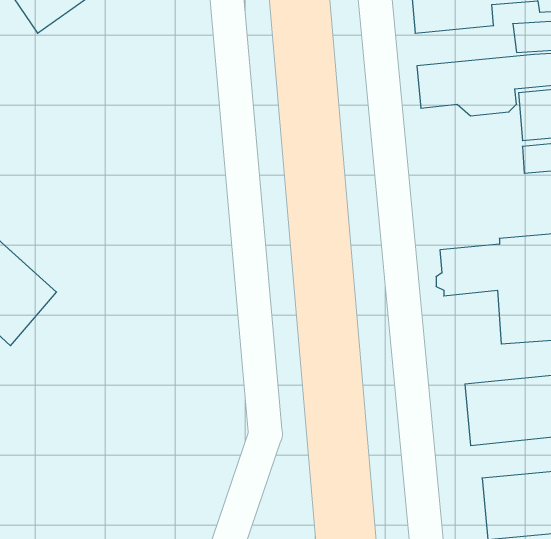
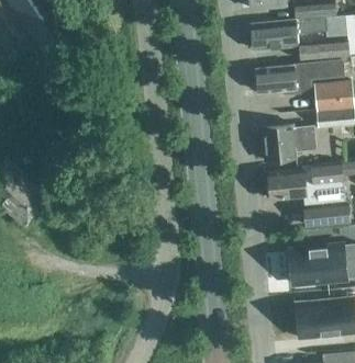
building: none -> [262,124,315,159]

